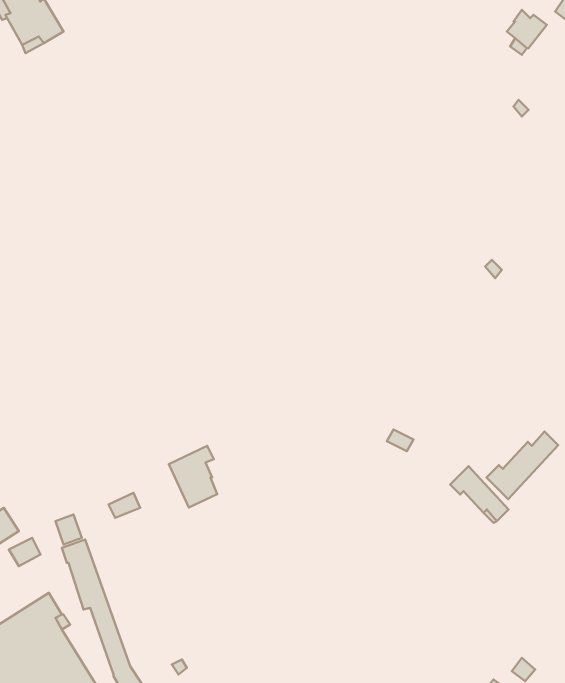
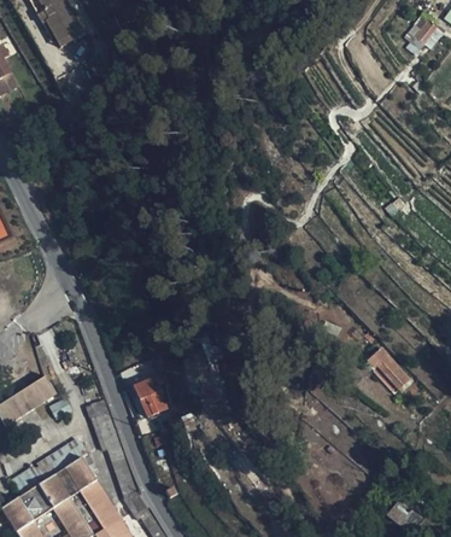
building: [486,431,558,499] -> none
building: [169,446,217,507] -> [133,372,168,416]

